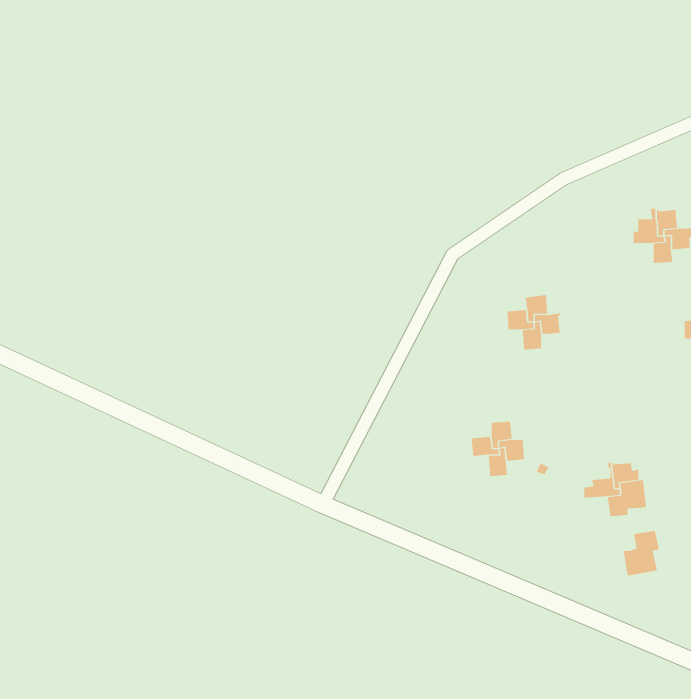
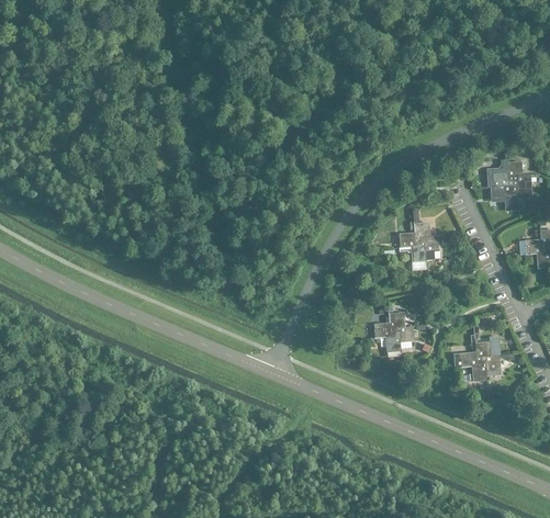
building: [623,530,659,577] -> none

